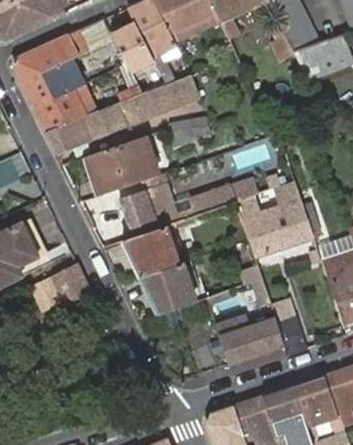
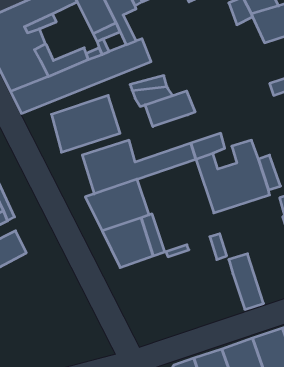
building: none -> [145,91,195,127]
building: [50,262,90,303] -> none
building: [214,314,283,365] -> none

